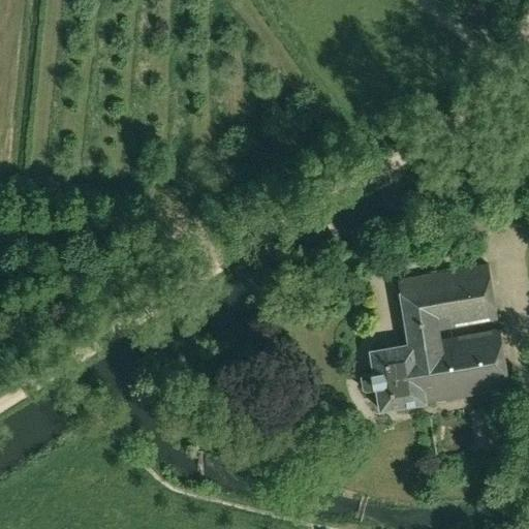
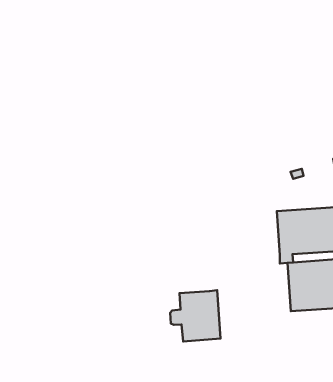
building: [361,342,427,410] -> [170,290,221,341]

